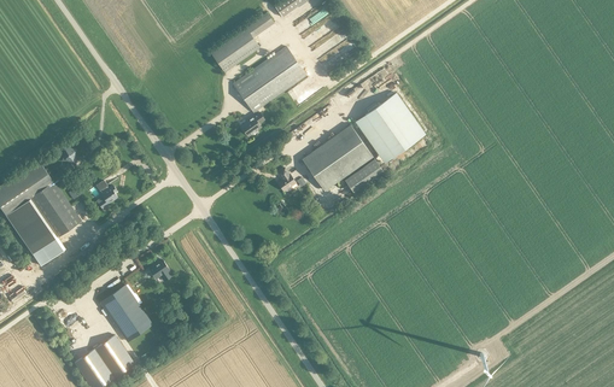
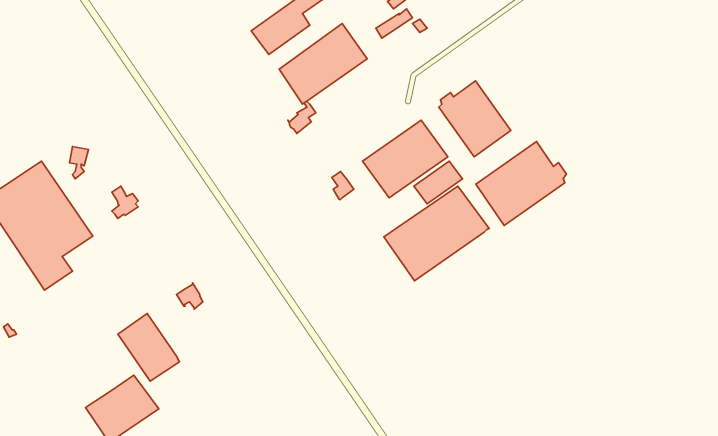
building: none -> [476,141,567,226]
building: none -> [384,186,489,281]

